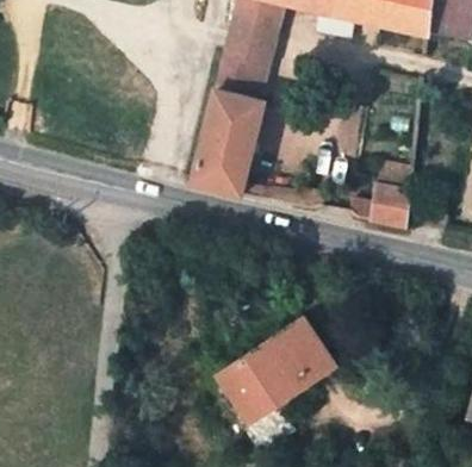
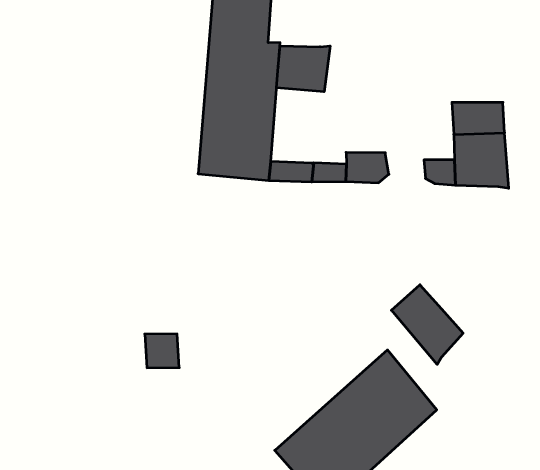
building: none -> [277,46,330,92]
building: none -> [391,285,463,364]

